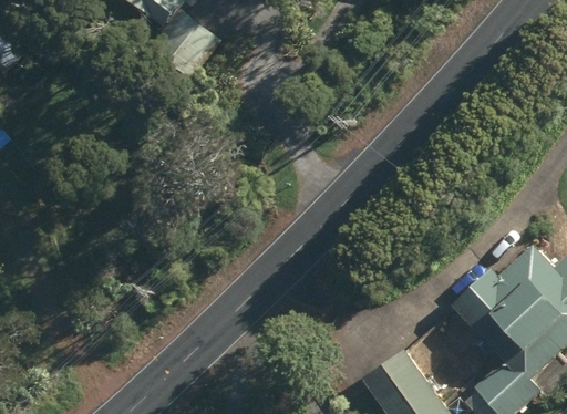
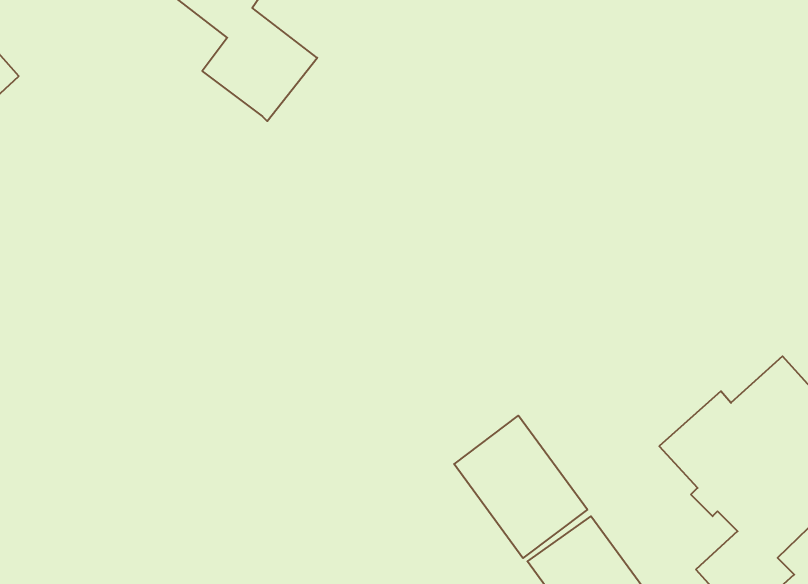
building: none -> [454,416,587,558]

